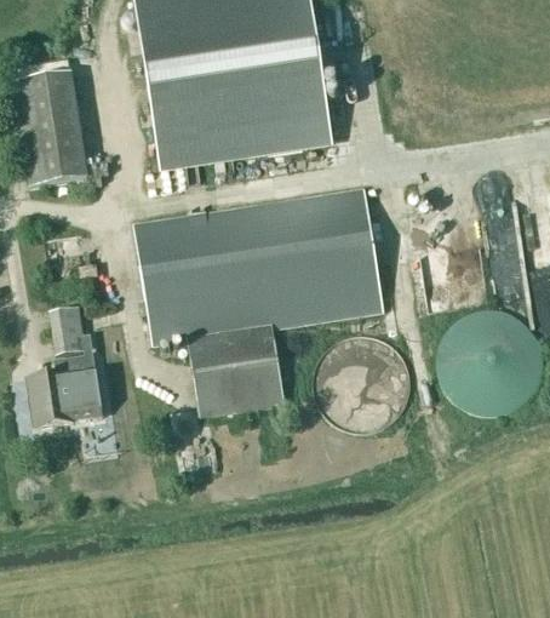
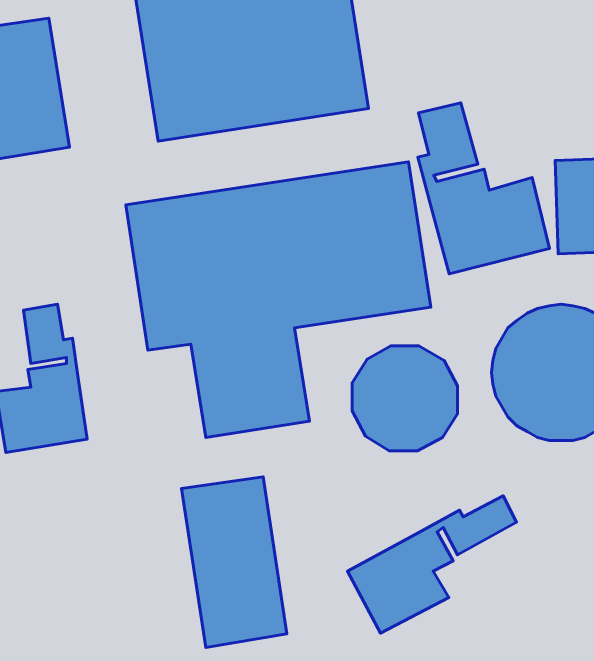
building: none -> [418,103,550,274]
building: none -> [182,477,287,647]
building: none -> [347,496,517,633]

